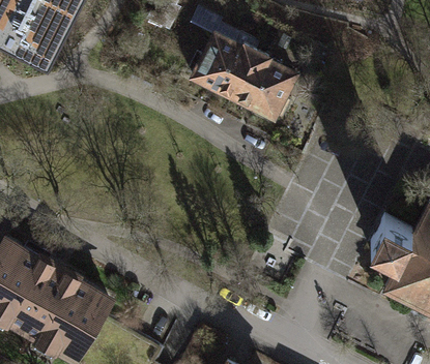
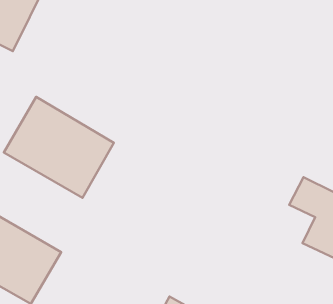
building: [190,28,297,116] -> none
building: none -> [4,97,114,198]

